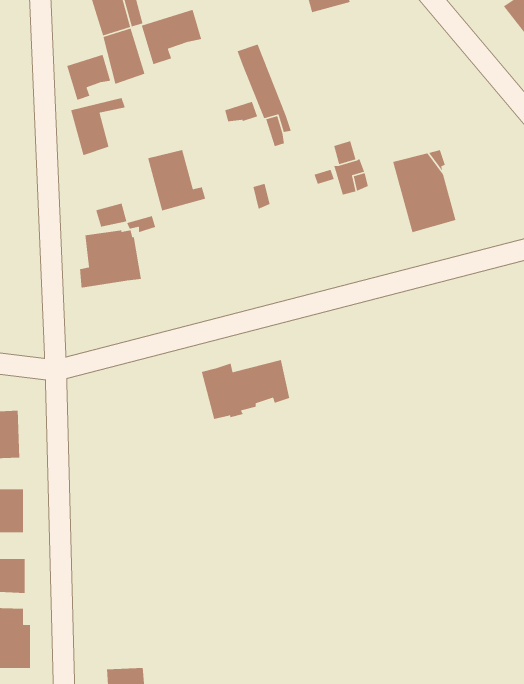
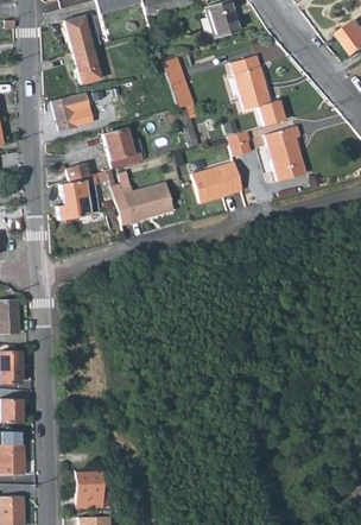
building: [141,9,202,65] -> none
building: none -> [232,57,287,127]
building: [66,54,111,101] -> none
building: none -> [192,162,243,203]
building: [201,359,290,420] -> [114,184,173,224]

